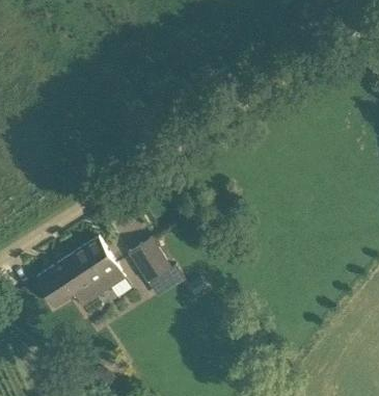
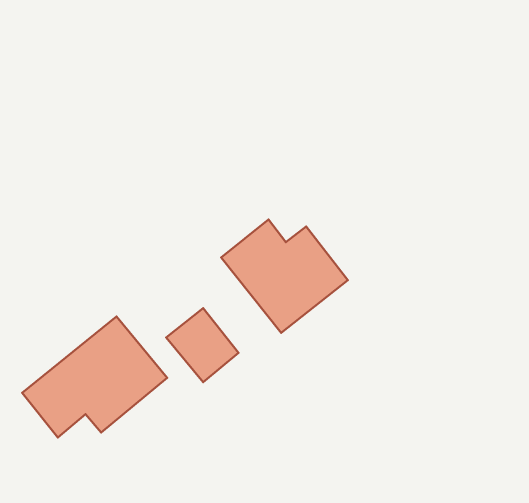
building: none -> [221,219,348,333]

